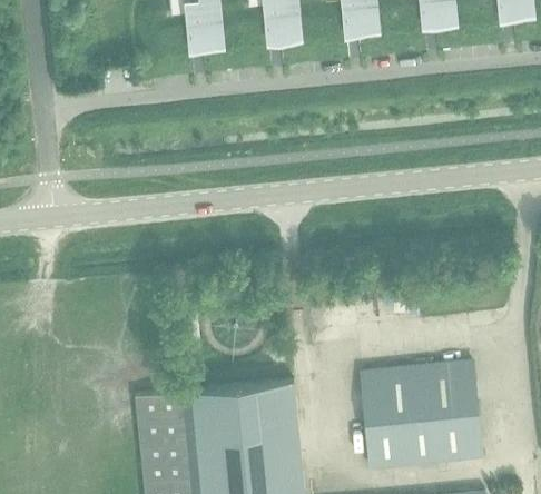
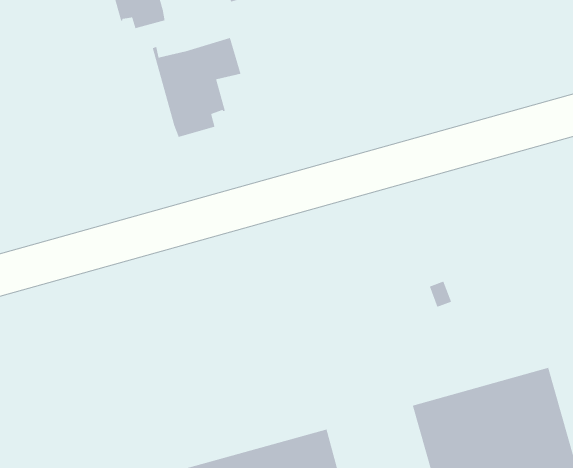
building: none -> [152,37,241,138]

